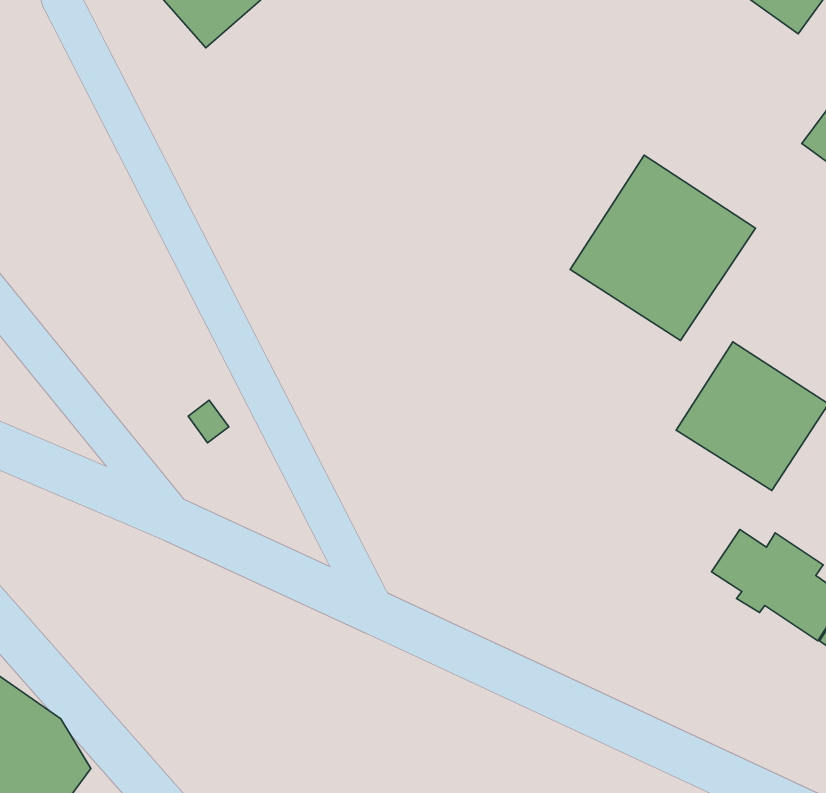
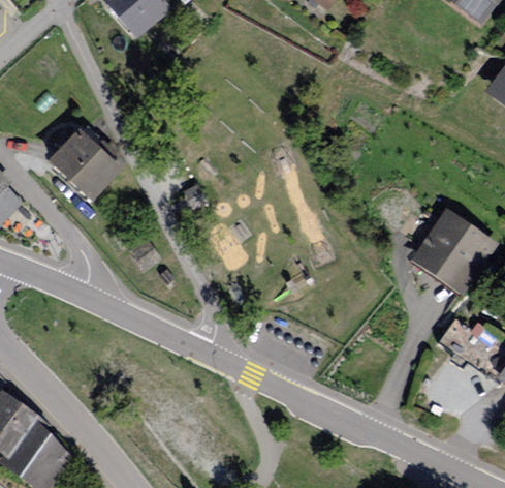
building: [570,155,755,340] -> none
building: none -> [48,127,124,203]

